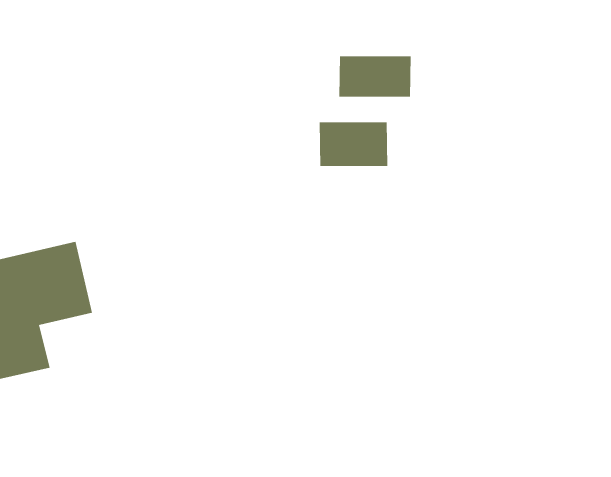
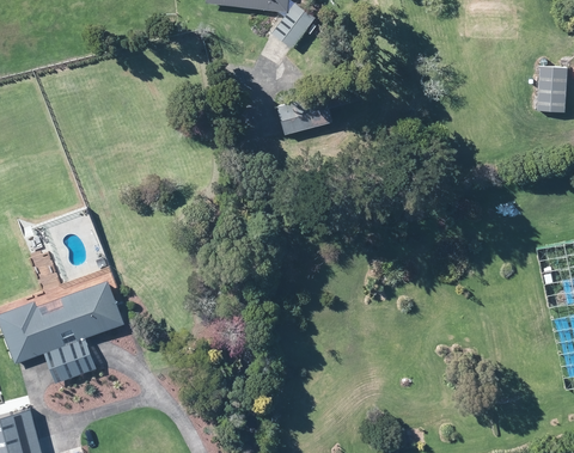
building: [319,121,388,167] -> none

